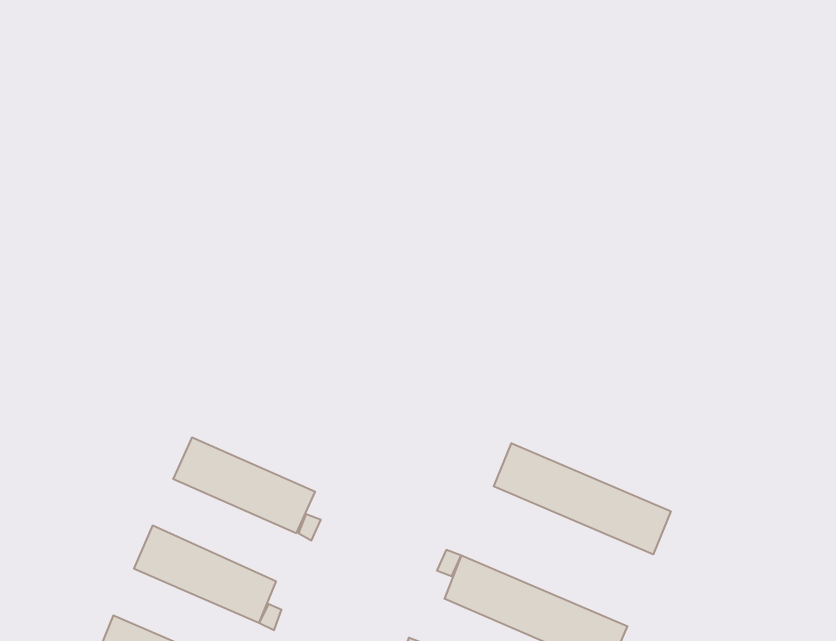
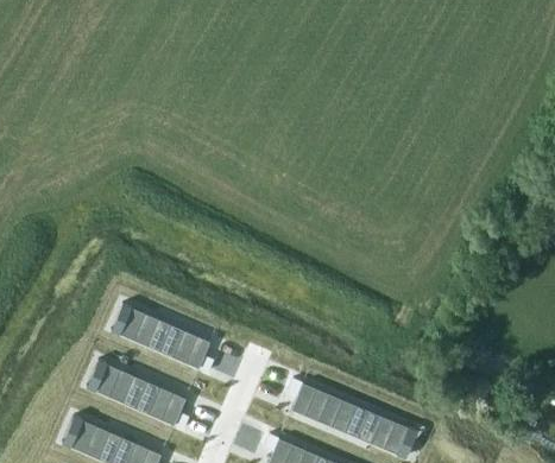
building: [494,443,671,554] -> none

